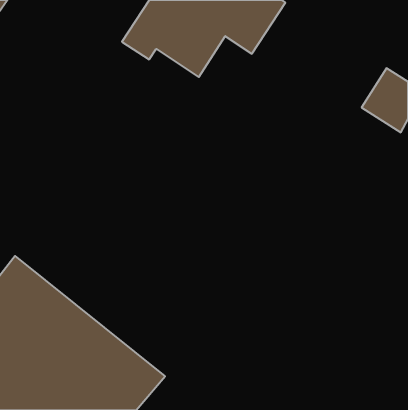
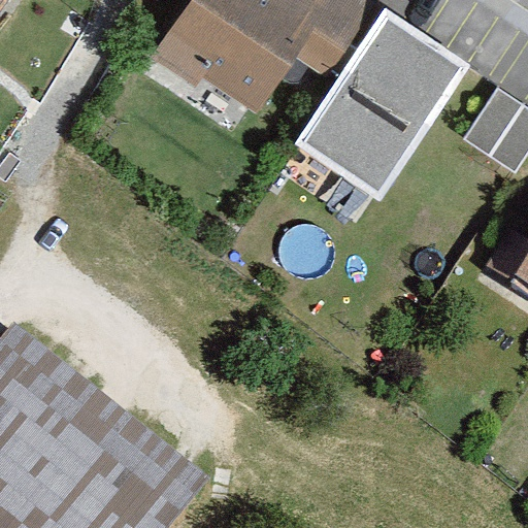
building: none -> [302,9,461,187]

